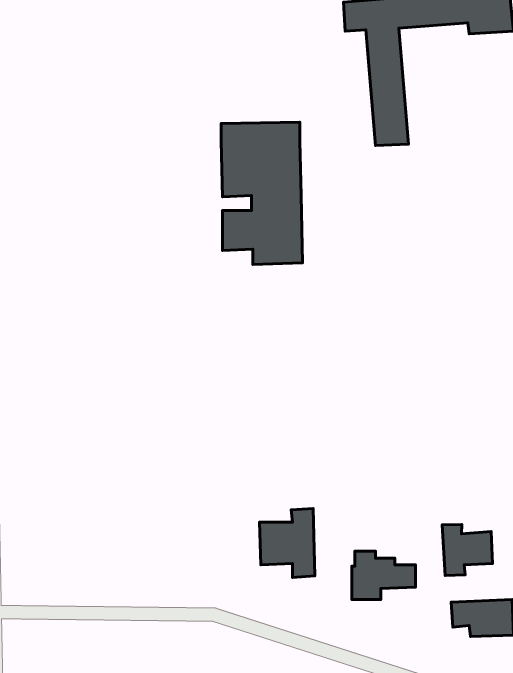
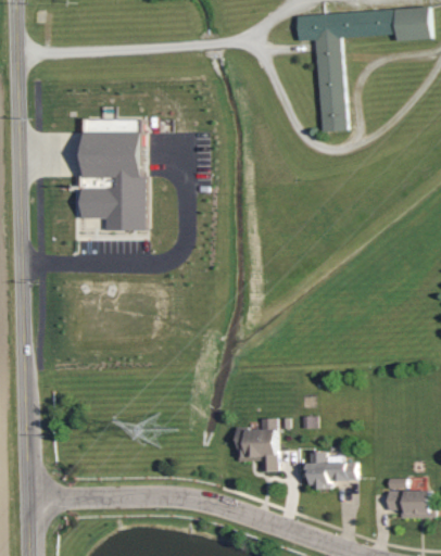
building: [221,122,302,264] -> [79,117,143,229]
building: [442,524,492,575] -> none

